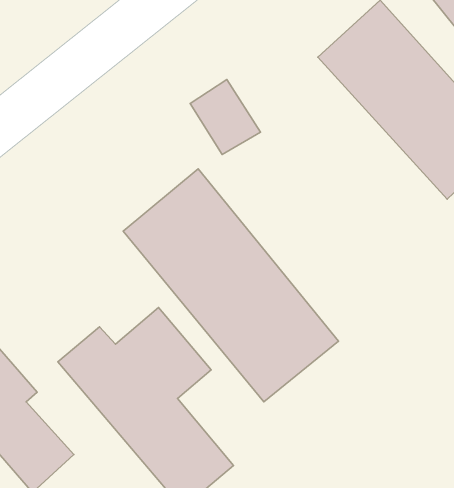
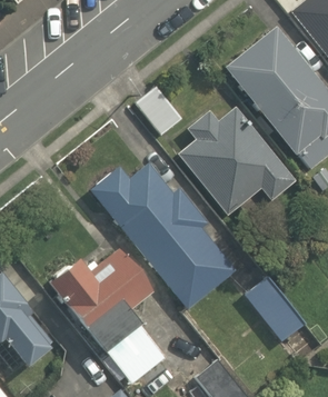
building: none -> [180,109,295,216]
building: none -> [245,278,307,344]

